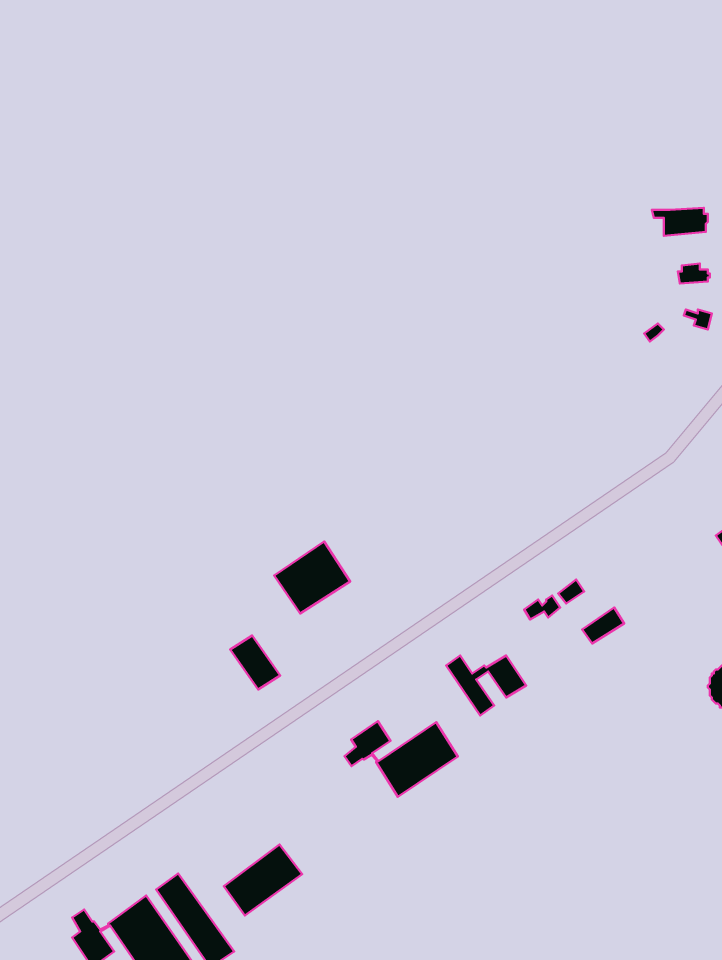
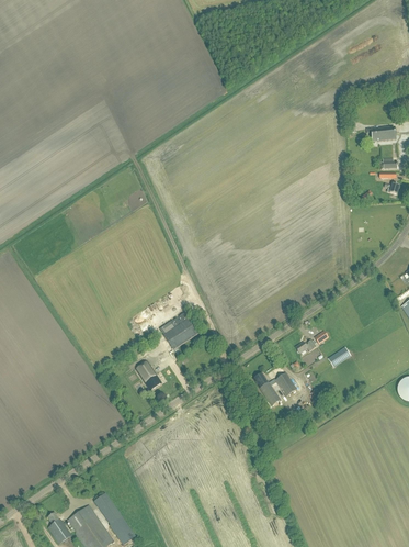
building: [344,721,458,797] -> none
building: [224,844,302,915] -> none

